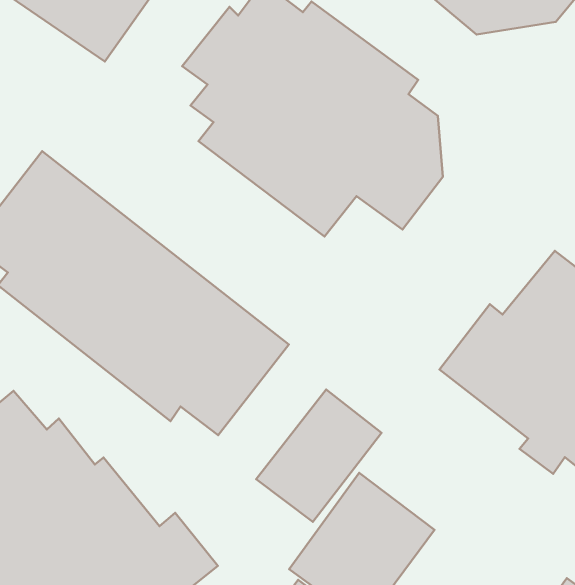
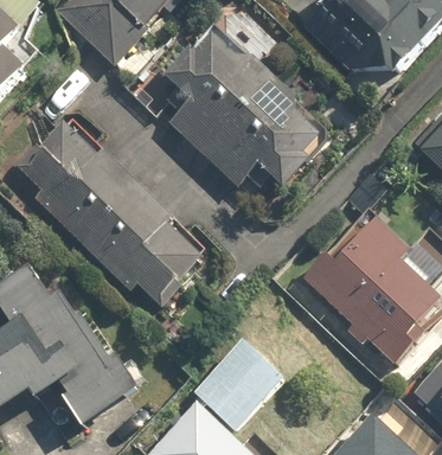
building: [256,390,382,522] -> none

